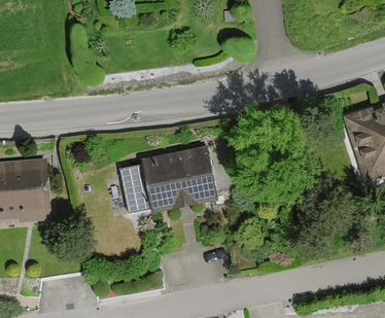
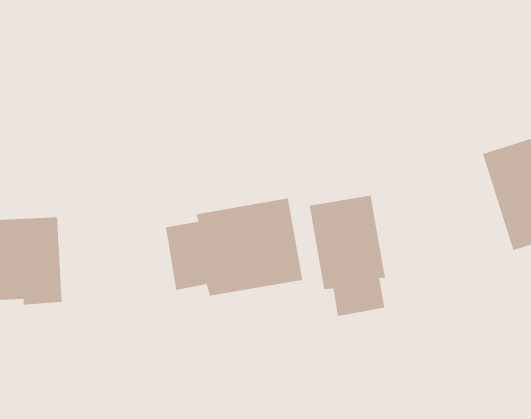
building: none -> [309,195,385,317]

